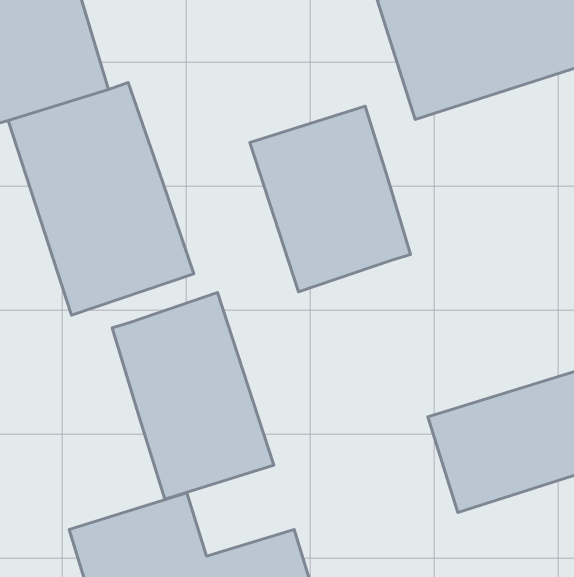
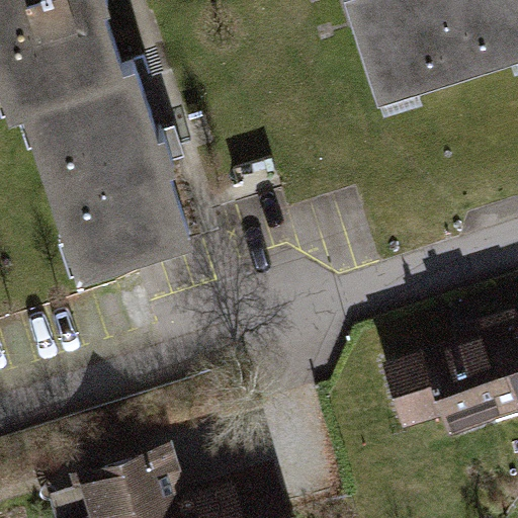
building: [250,106,410,292] -> none
building: [112,293,274,499] -> none

